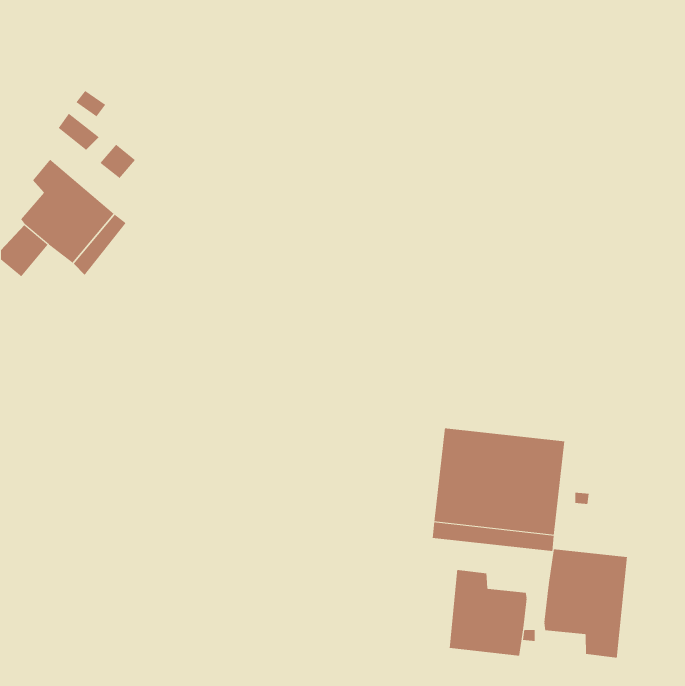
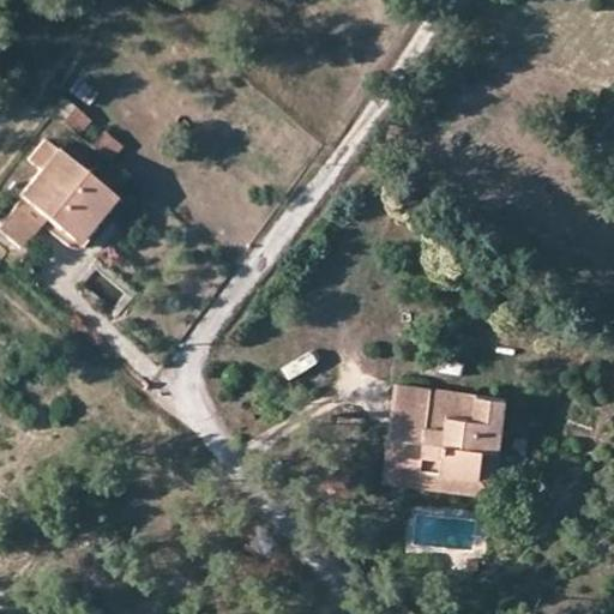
building: [544,548,628,658] -> none
building: [449,569,527,656] -> none

